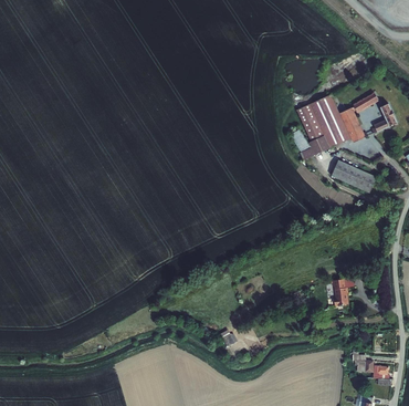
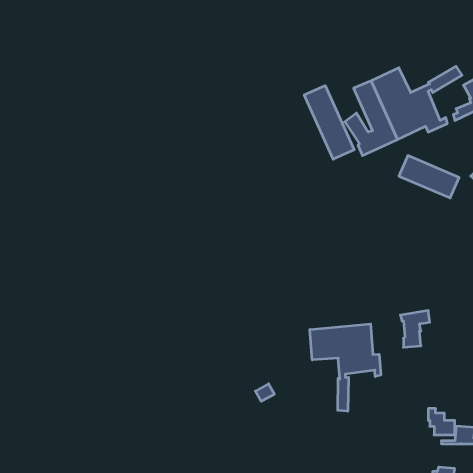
building: none -> [304,86,354,159]
building: none -> [310,324,381,411]

